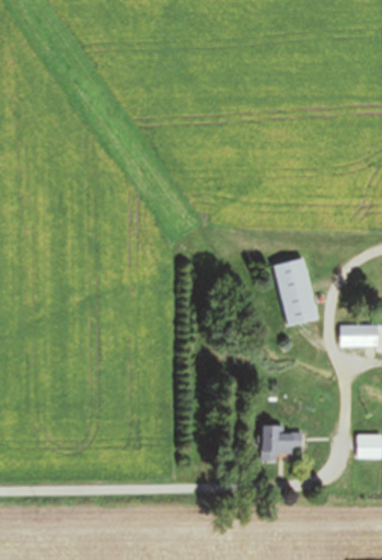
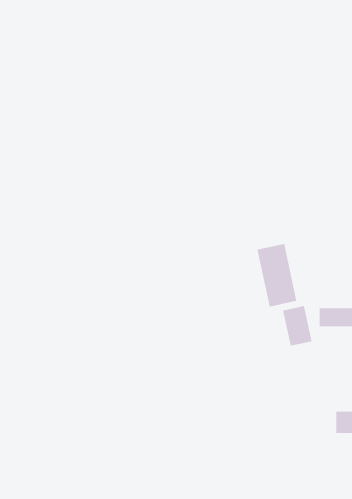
building: none -> [282,305,312,347]
building: [262,425,302,462] -> none

